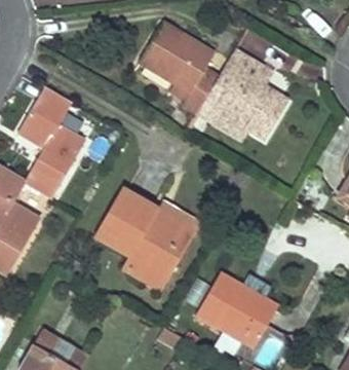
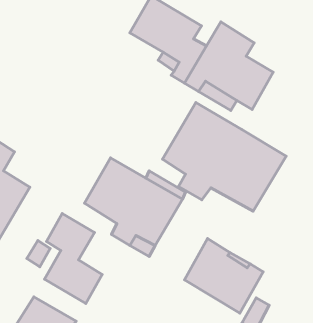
building: [18,87,84,195] -> none
building: none -> [162,102,286,211]
building: none -> [44,214,102,303]

